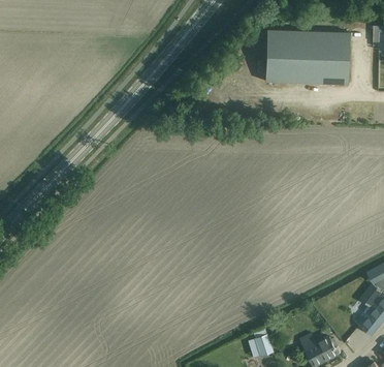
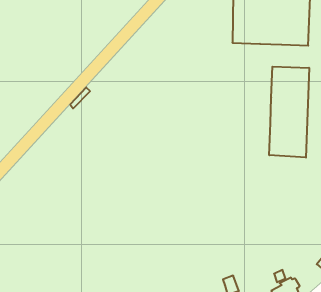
building: none -> [269,67,309,158]

